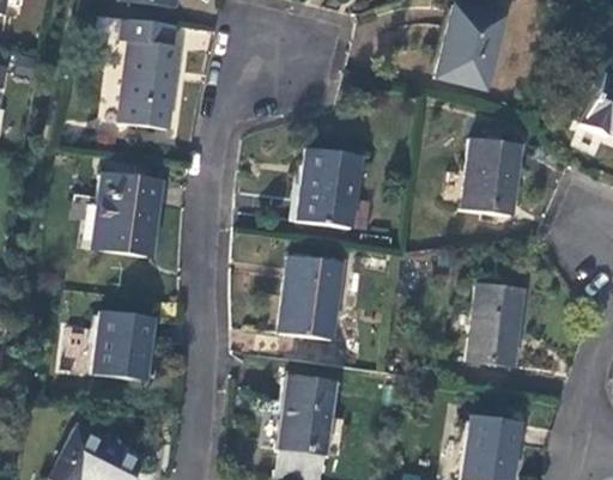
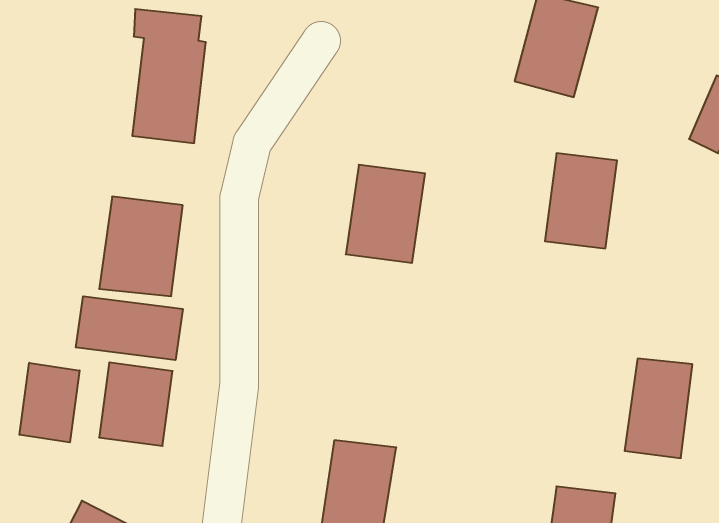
building: none -> [76,296,183,360]
building: [279,256,344,339] -> none
building: [468,282,524,365] -> [625,359,692,458]
building: none -> [20,363,80,442]

